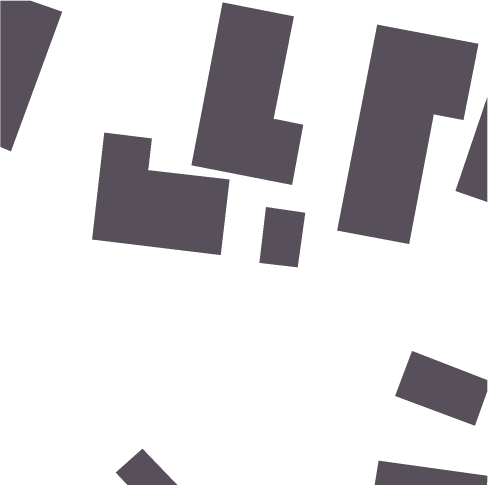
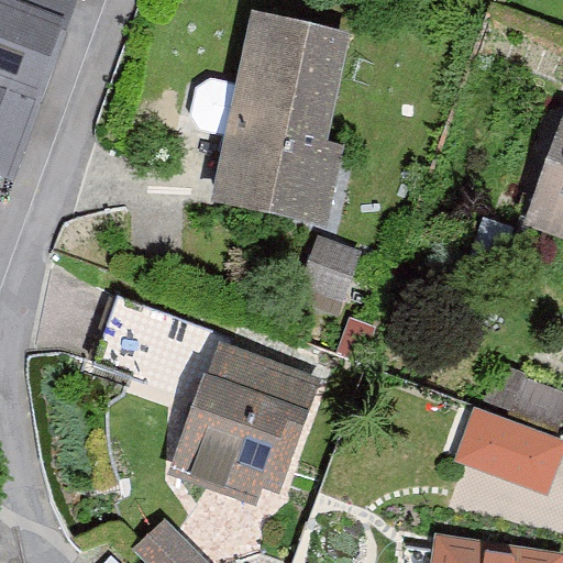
building: [337,24,479,245] -> none
building: [91,132,230,256] -> none
building: none -> [167,340,320,504]

